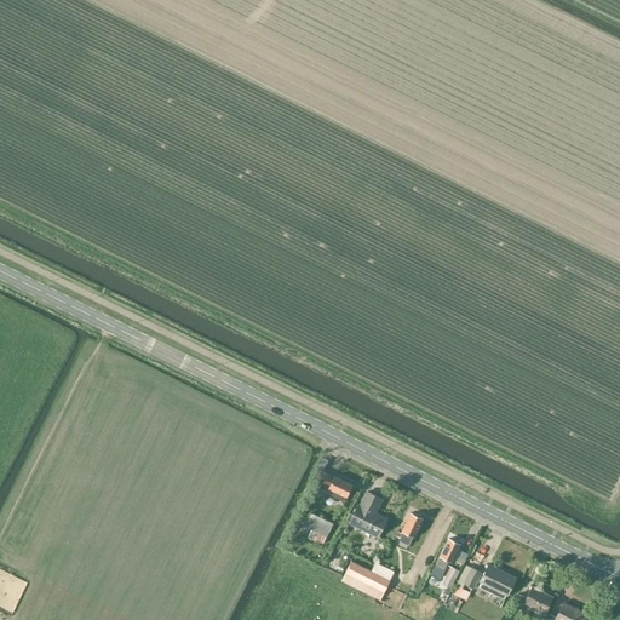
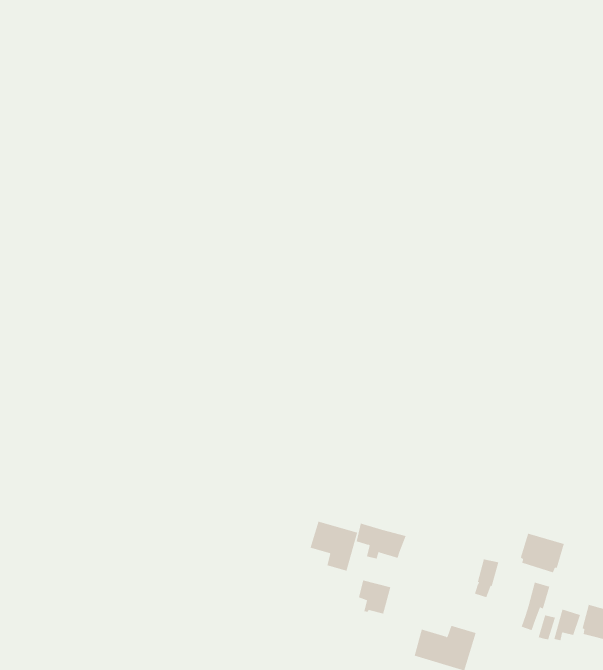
building: none -> [310,521,358,572]
building: [349,492,388,538] -> none
building: none -> [520,533,565,573]

